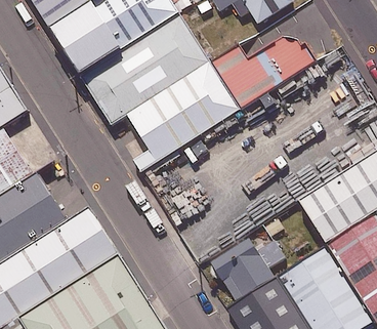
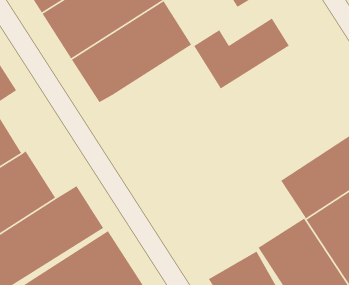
building: [126,60,239,170] -> none
building: [209,236,286,299] -> none

